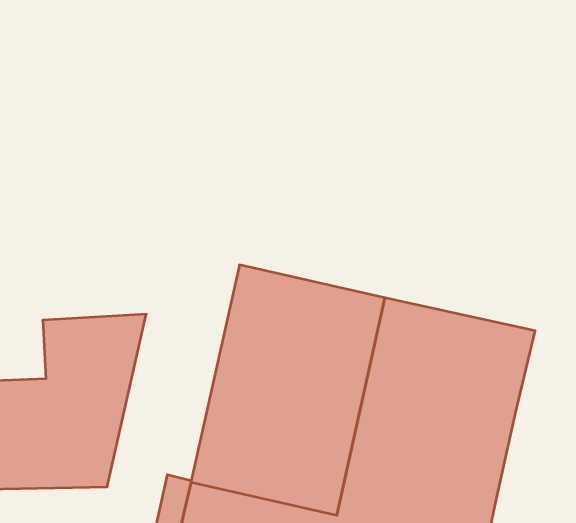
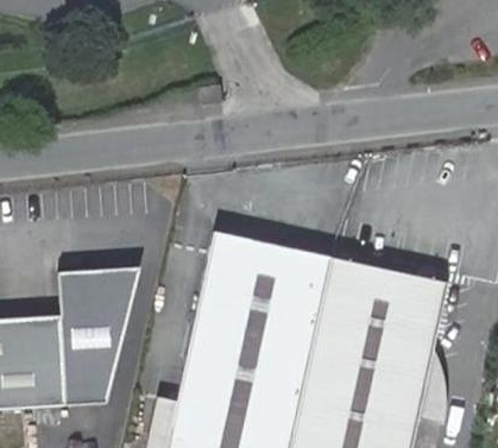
building: none -> [416,347,445,423]

